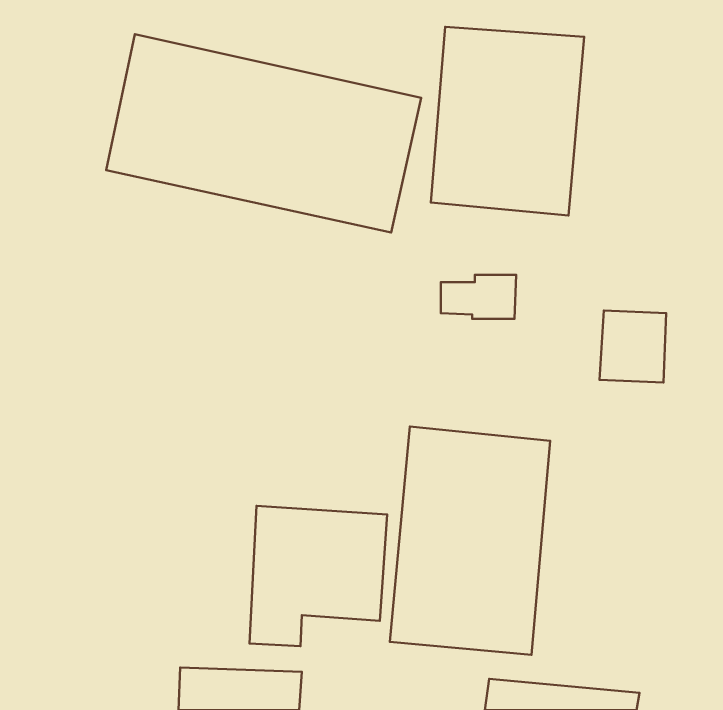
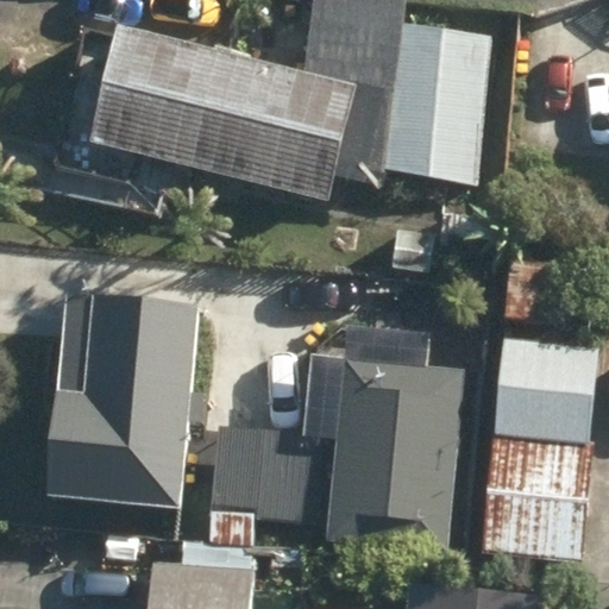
building: none -> [40,295,196,504]
building: none -> [482,335,597,560]

